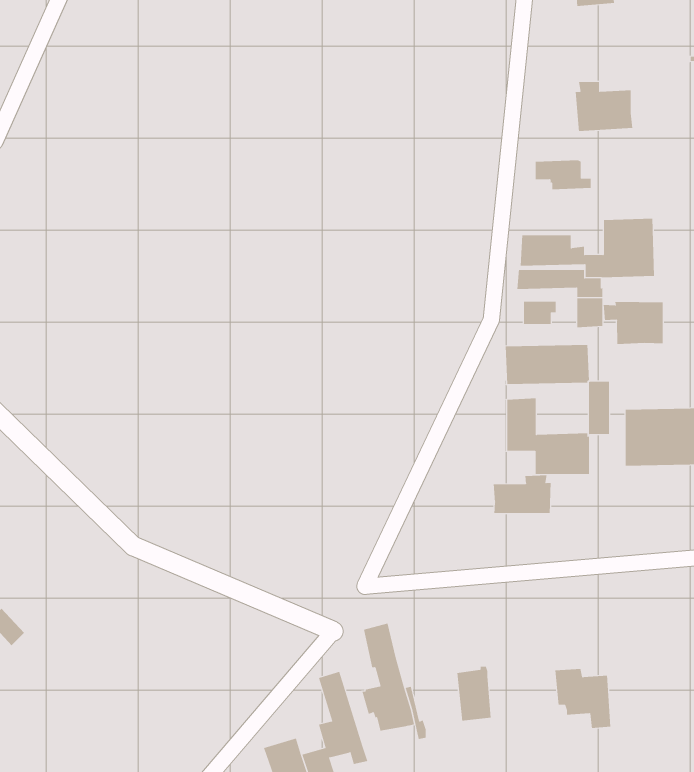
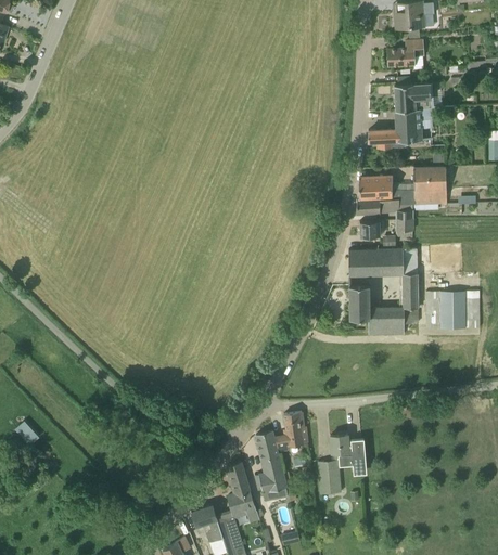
building: none -> [388,41,423,69]
building: none -> [396,108,433,141]
building: [603,301,663,345] -> none
building: [493,475,551,514] -> none
building: none -> [274,412,308,453]
building: [555,669,611,729] -> [330,435,367,474]

